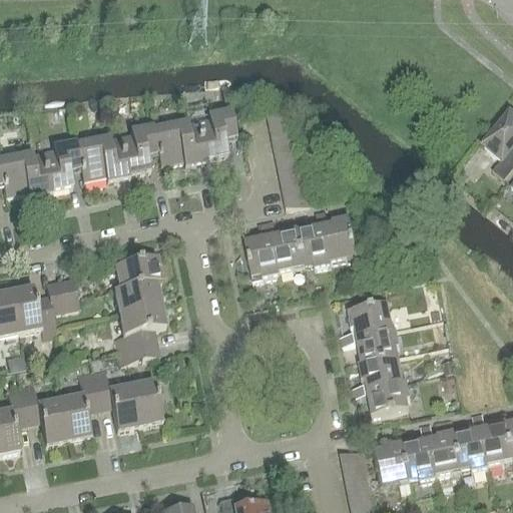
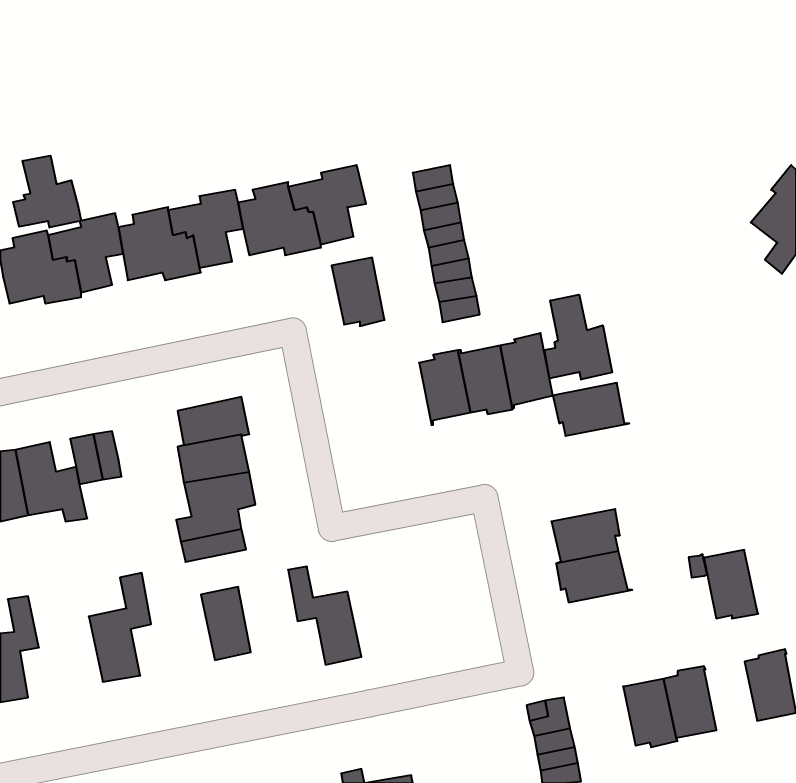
building: none -> [13,156,81,228]
building: none -> [544,295,612,380]
building: [243,233,278,278] -> [332,258,385,326]
building: [347,302,396,336] -> [553,383,629,436]
building: [91,367,138,430] -> [288,567,361,665]
building: [366,380,410,415] -> none
building: [18,381,66,444] -> none
building: [453,426,488,470] -> [704,550,758,618]
building: [375,439,409,486] -> none

